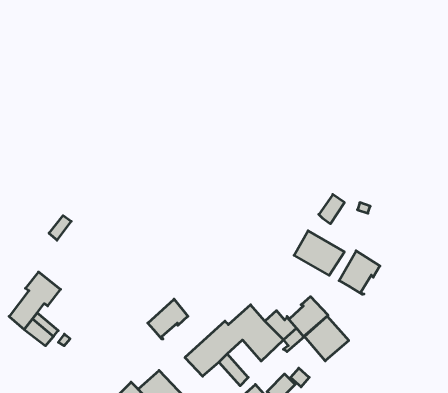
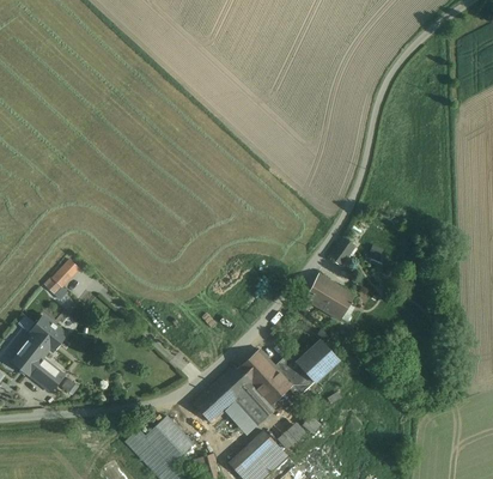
building: [339,251,380,294] -> none
building: [148,299,188,339] -> none
building: [305,316,349,361] -> none
building: none -> [236,386,273,424]

